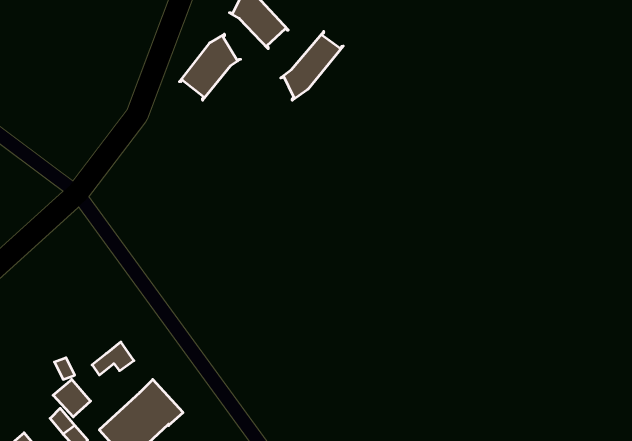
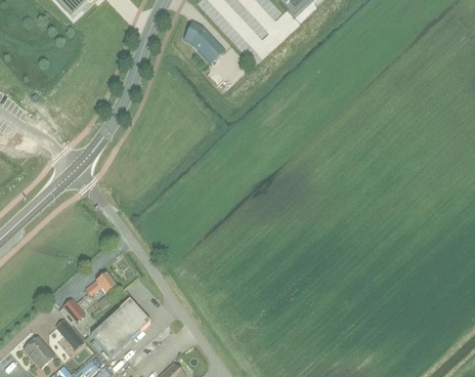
building: [281,31,343,100] -> none
building: [179,34,241,100] -> none

